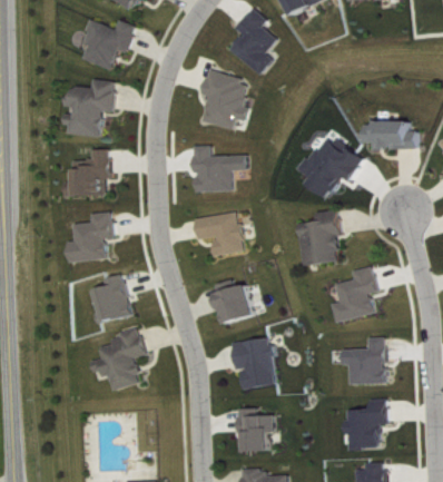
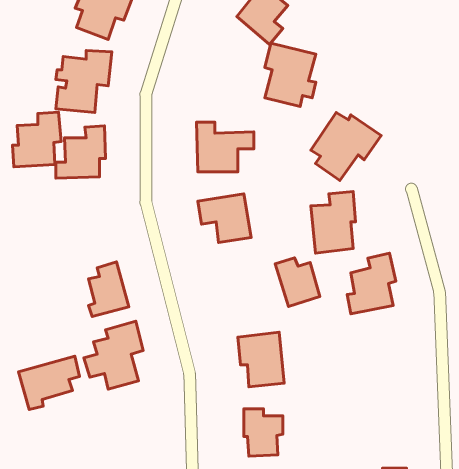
building: [201,71,248,129] -> [265,43,316,106]
building: [363,121,416,149] -> none
building: [68,212,112,262] -> [12,112,61,167]
building: [213,279,254,324] -> [275,258,320,306]
building: [341,337,384,385] -> none
building: none -> [18,356,79,409]
building: [344,400,386,449] -> none

